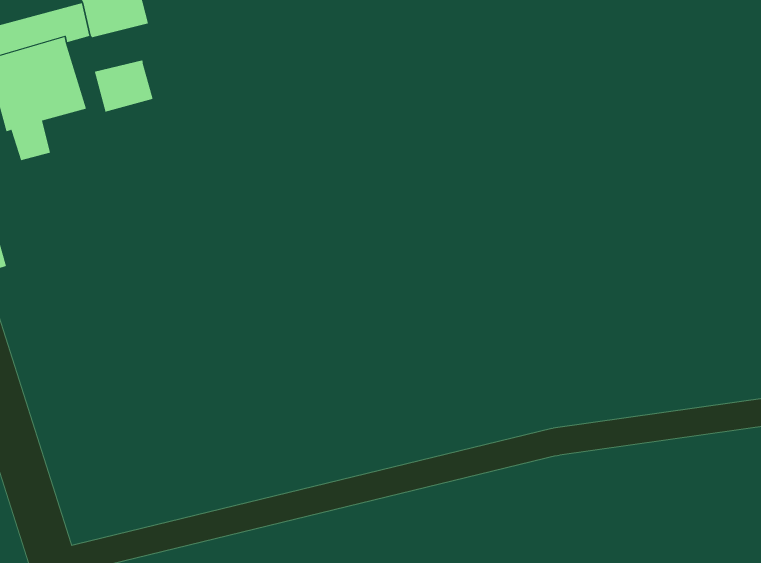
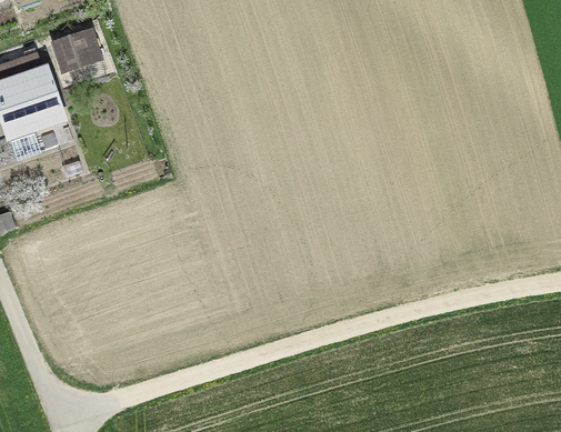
building: [94,60,153,113] -> none

